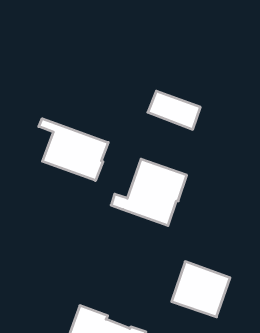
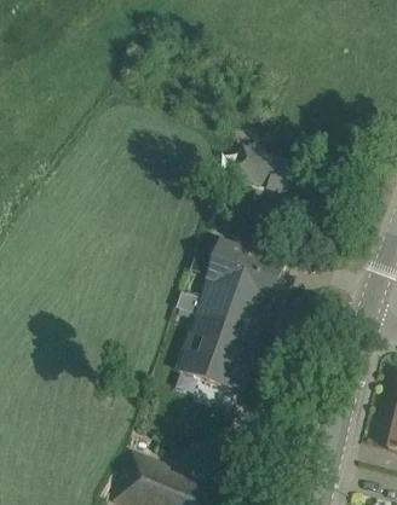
building: [39,119,108,181] -> none
building: [172,262,230,317] -> [173,310,257,389]

